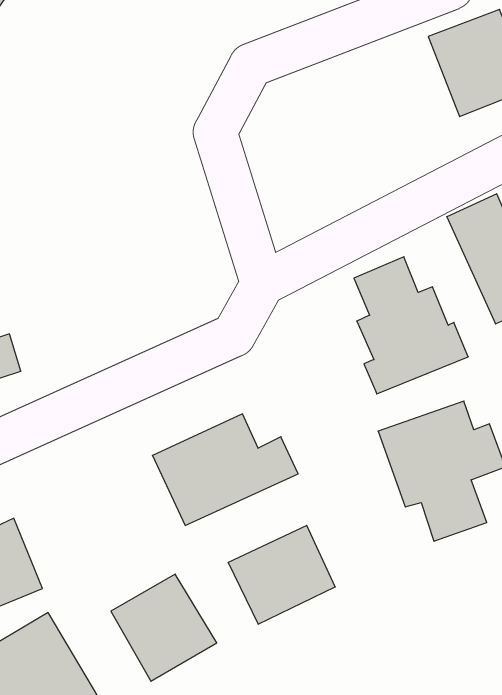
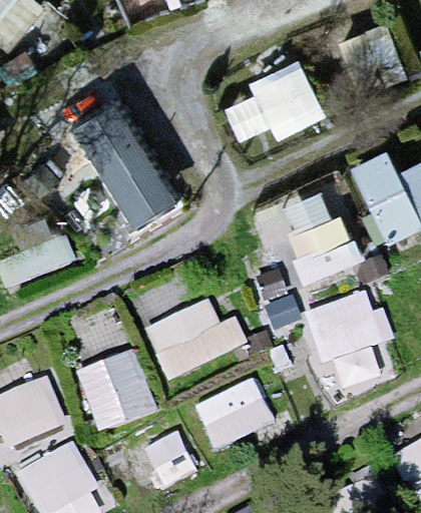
building: none -> [249,56,327,136]
building: none -> [75,92,177,227]
building: none -> [77,355,151,432]

